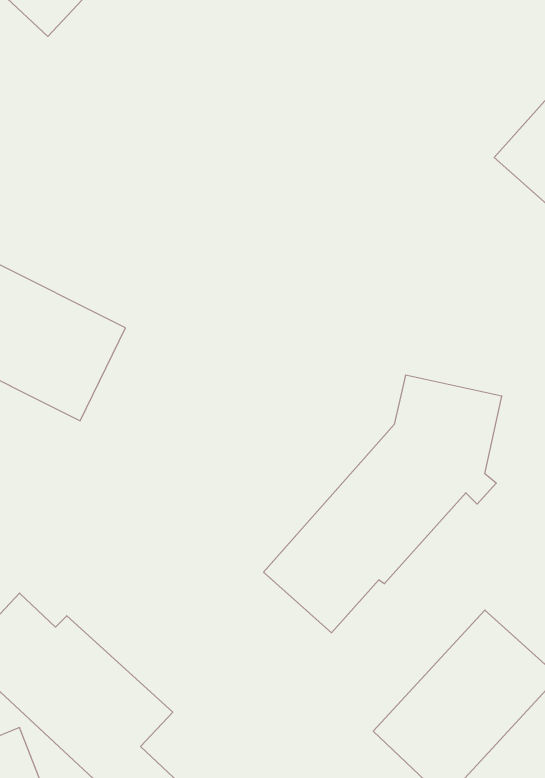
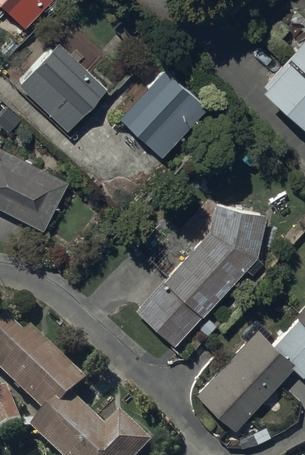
building: none -> [19,44,108,131]
building: none -> [121,69,207,156]

